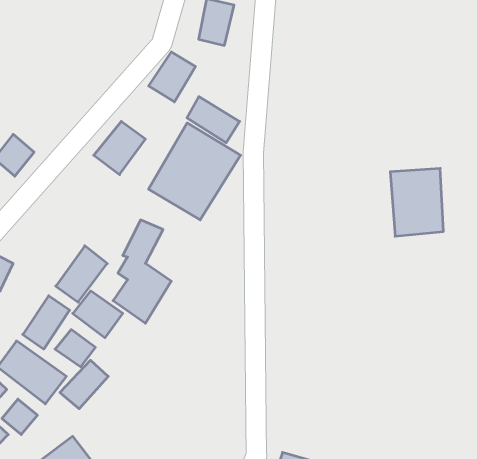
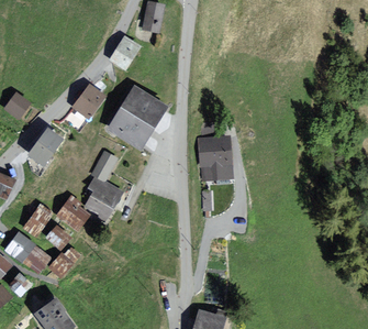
building: [187,97,240,143] -> none
building: [390,168,443,236] -> [197,135,233,182]
building: [56,246,107,302] -> [29,128,64,166]

